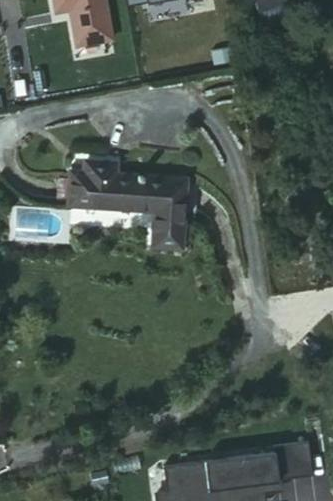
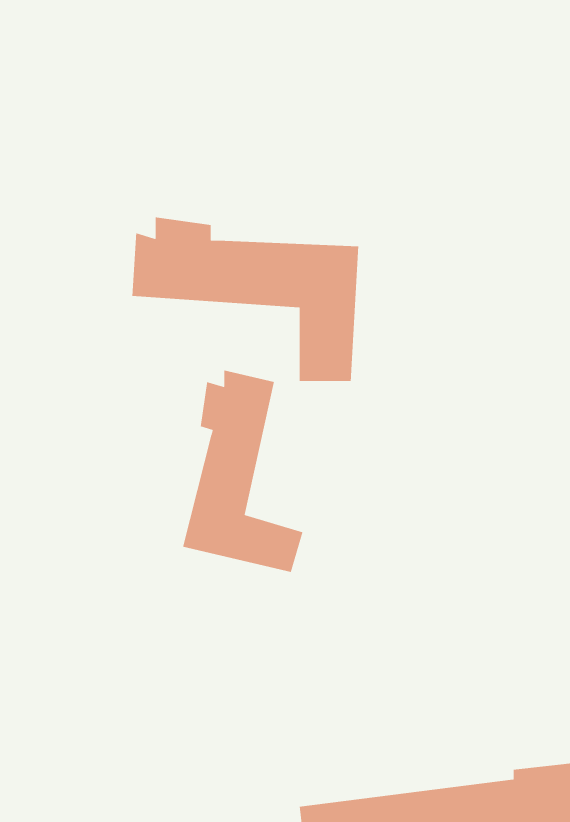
building: none -> [182,369,304,573]

